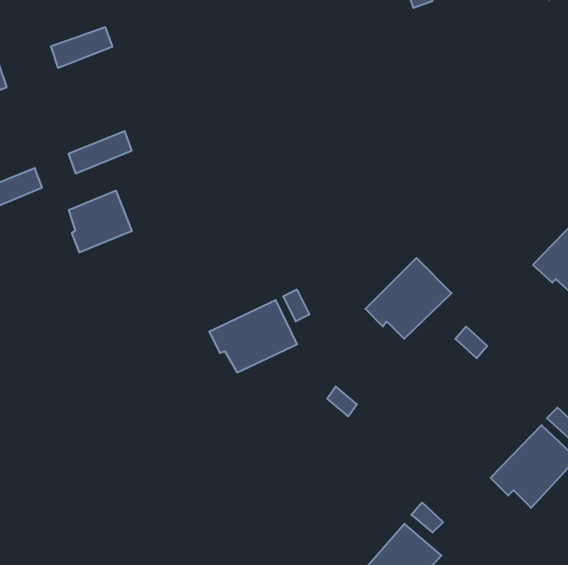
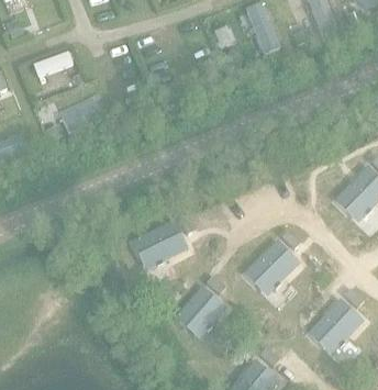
building: [69,191,132,252] -> none
building: [365,258,452,339] -> [246,241,300,291]
building: none -> [177,288,226,334]

